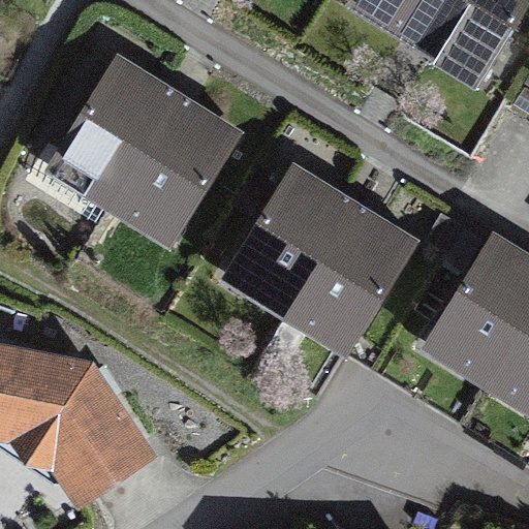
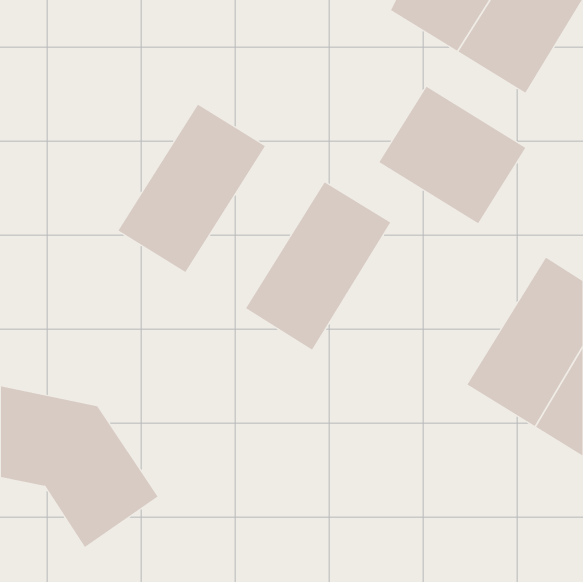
building: [45,56,179,209] -> none
building: none -> [378,86,526,224]
building: [283,201,416,354] -> none

